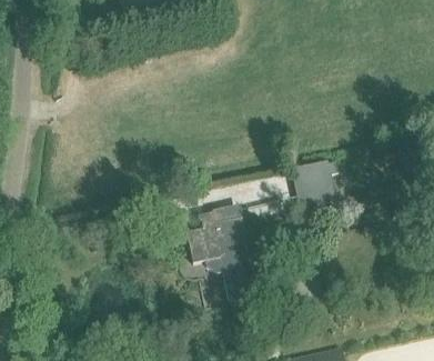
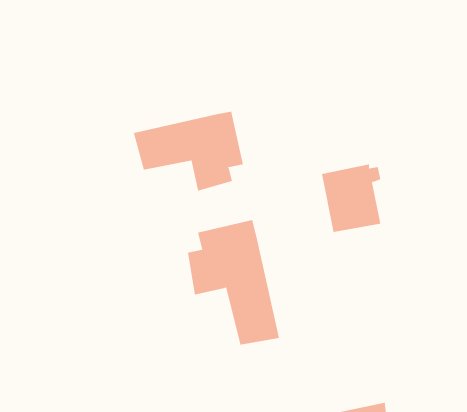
building: none -> [133,111,243,192]

